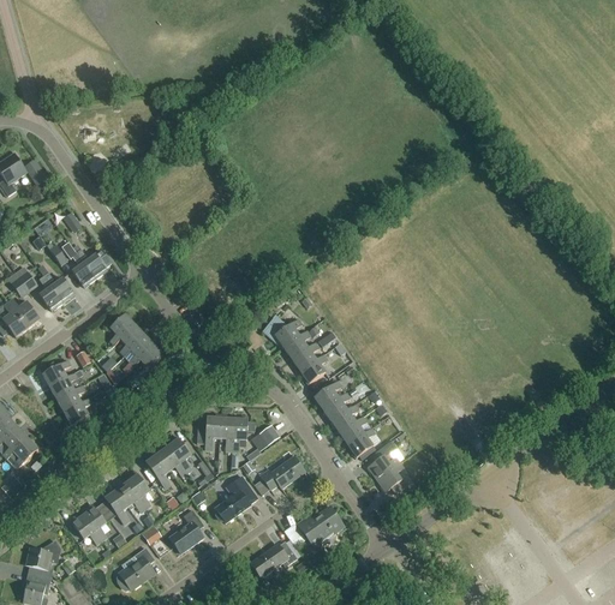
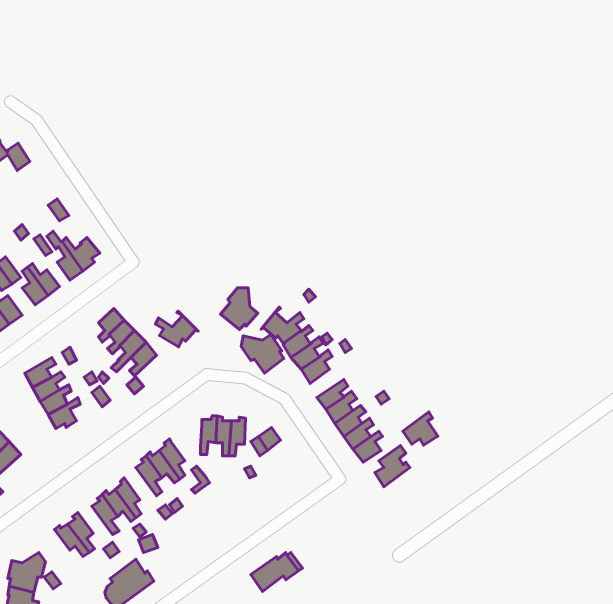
building: none -> [221,288,258,330]
building: none -> [156,311,198,347]
building: none -> [241,334,284,373]
building: [255,456,304,495] -> none
building: [376,461,408,492] -> [403,412,438,445]
building: [215,475,258,522] -> none
building: [297,507,344,546] -> none
building: [169,509,203,552] -> none

